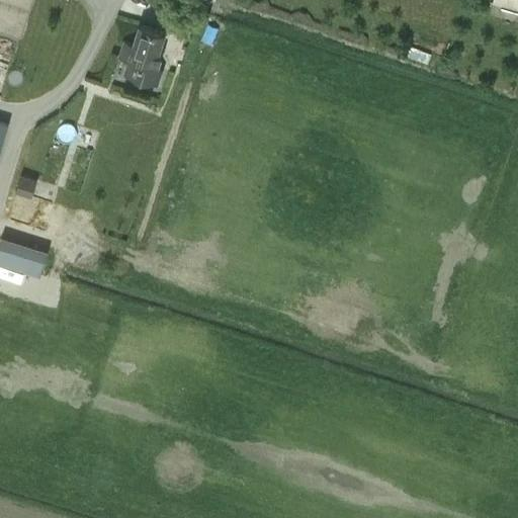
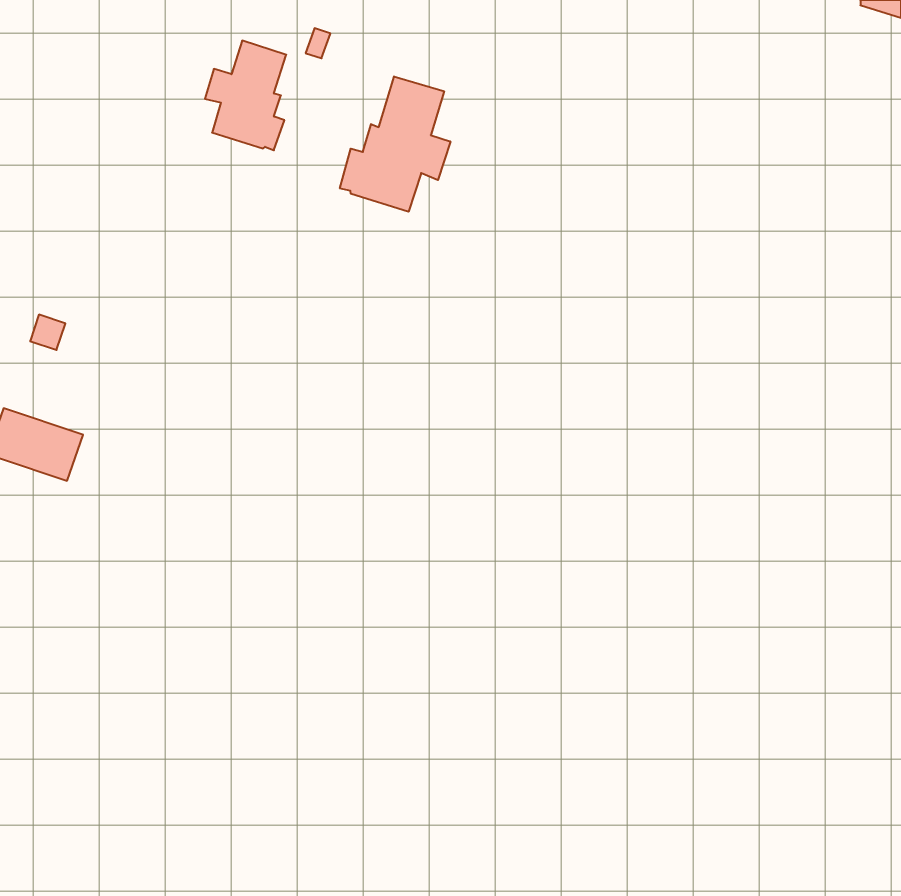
building: none -> [340,76,450,212]

